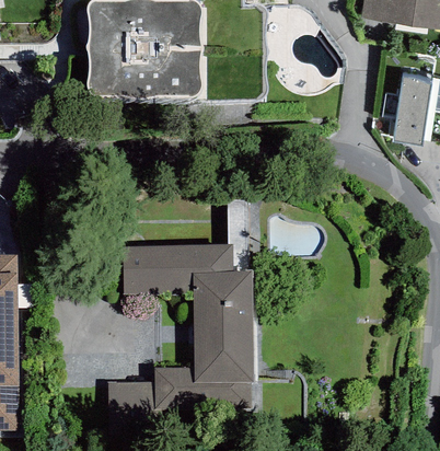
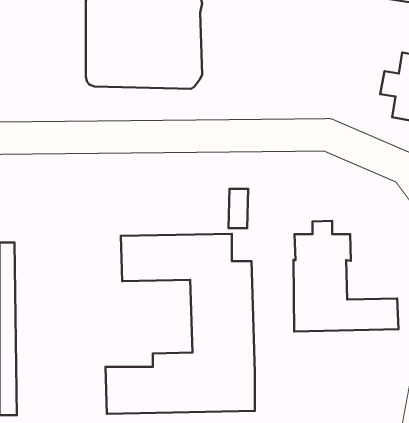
building: none -> [294,221,398,332]

